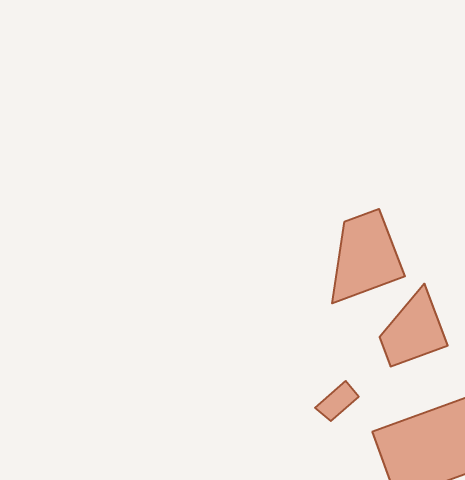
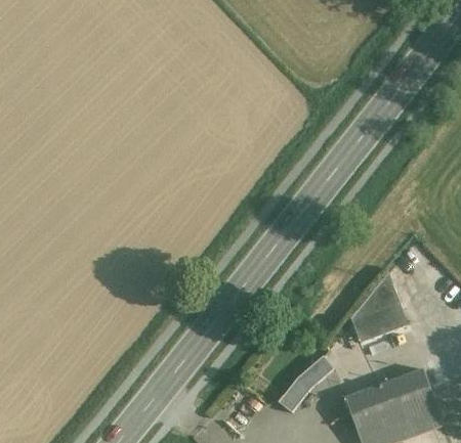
building: [332,209,405,303] -> none
building: none -> [278,376,310,411]

